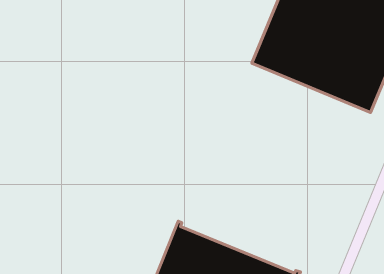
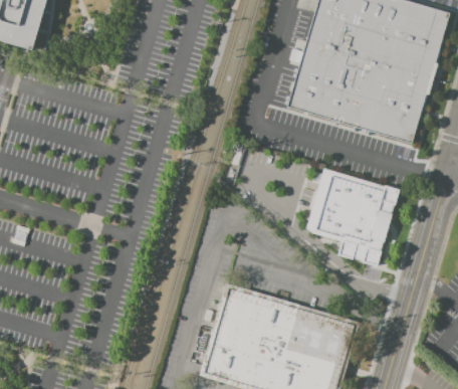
building: none -> [306,169,398,265]

